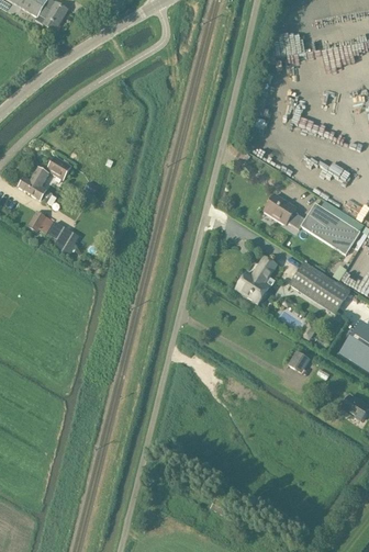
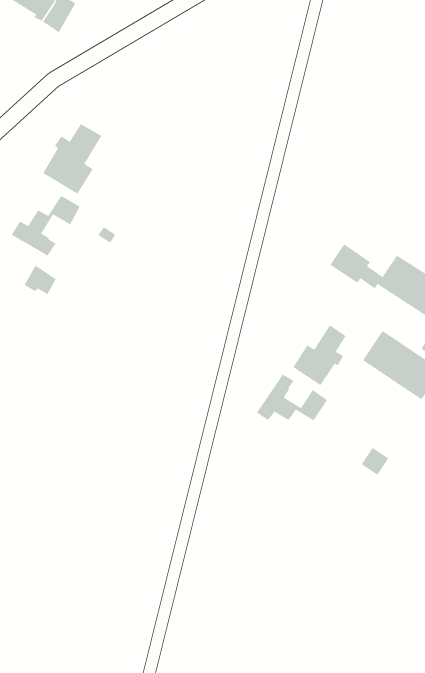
building: none -> [43,123,102,195]
building: [52,225,78,255] -> none
building: none -> [256,374,328,421]

